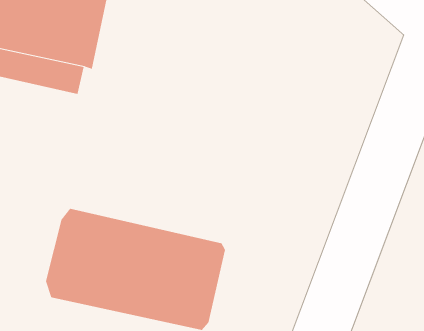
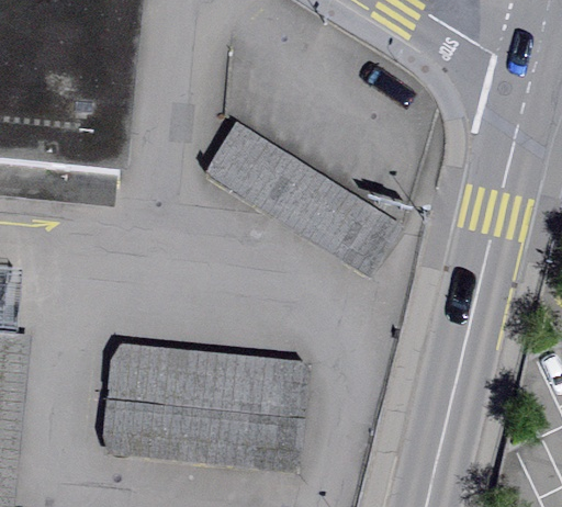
building: none -> [195,119,393,273]

